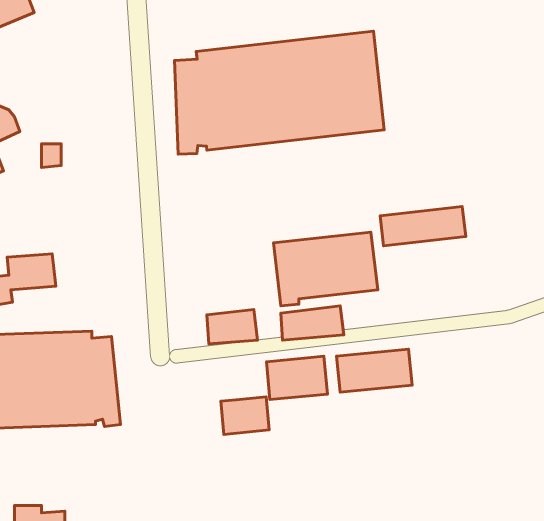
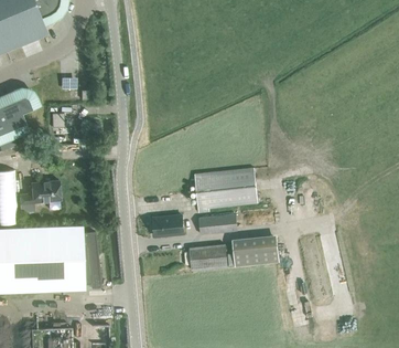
building: [174,31,384,154] -> none
building: [380,206,466,246] -> none
building: [221,397,269,434] -> none

